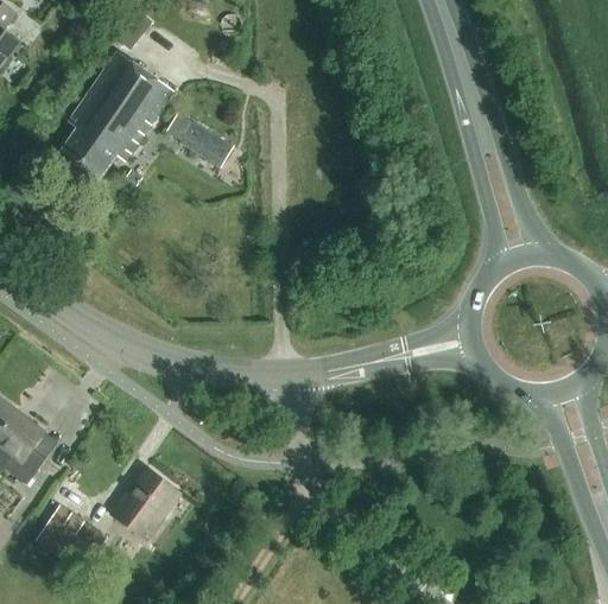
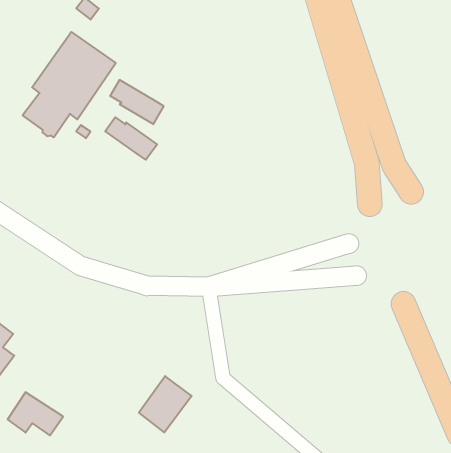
building: none -> [105,117,157,160]
building: [112,469,178,540] -> [139,376,192,432]

